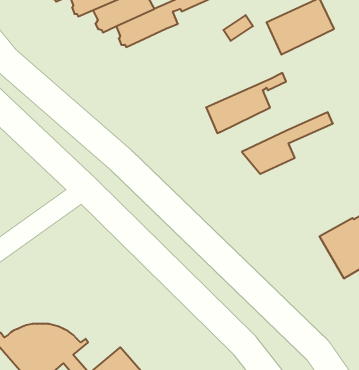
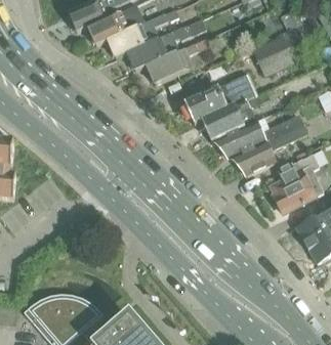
building: none -> [146,36,209,82]
building: none -> [182,73,254,122]
building: none -> [212,113,302,157]
building: none -> [272,152,322,211]

